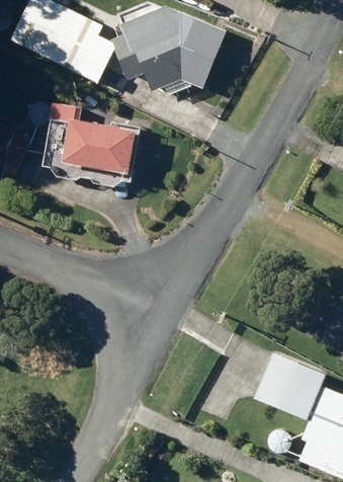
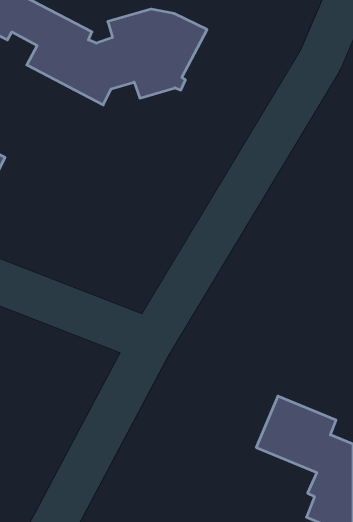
building: [49,101,138,175] -> none

